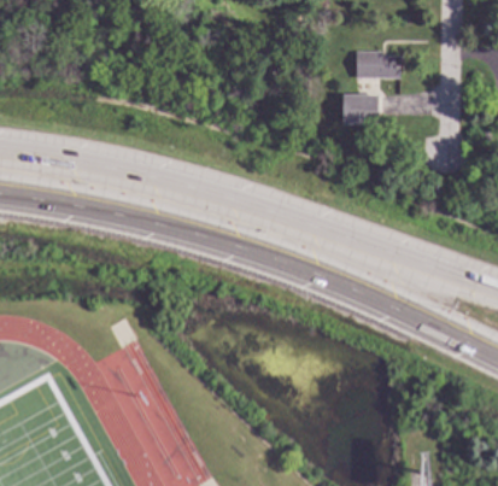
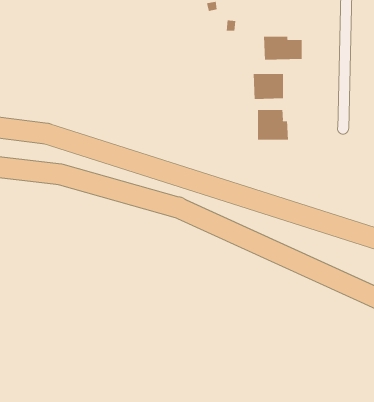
building: none -> [257,109,288,140]

